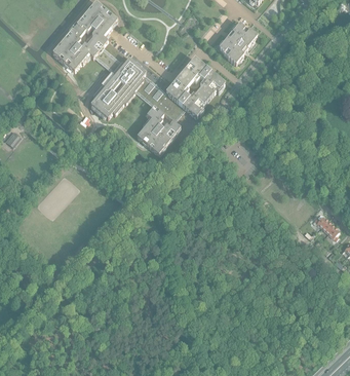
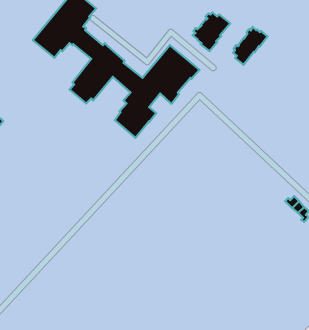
building: none -> [233,27,267,65]

